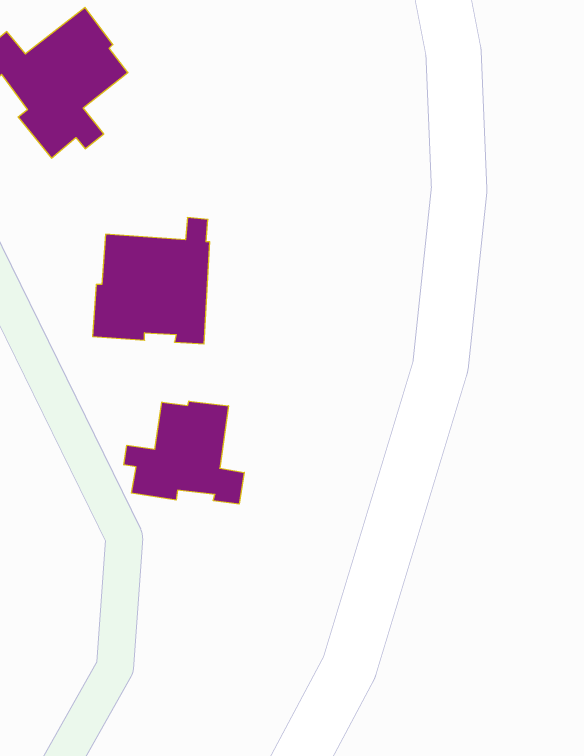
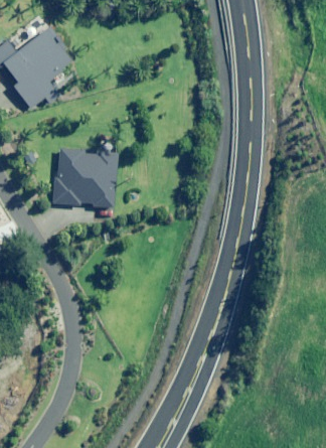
building: [124,401,244,504] -> none

